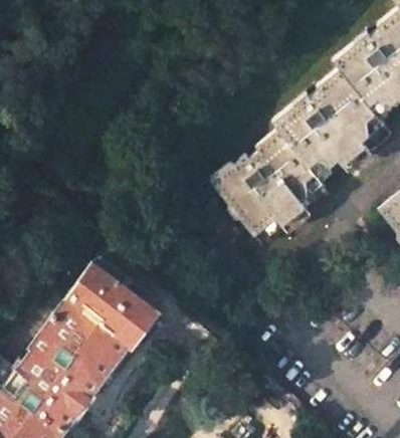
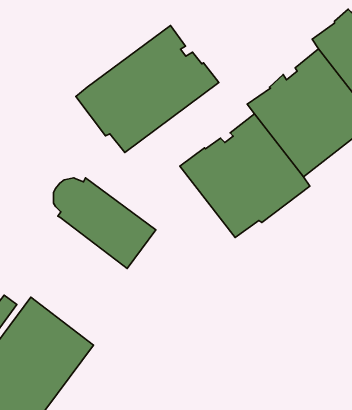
building: none -> [76,25,219,152]
building: [62,263,159,349] -> [53,178,156,268]

